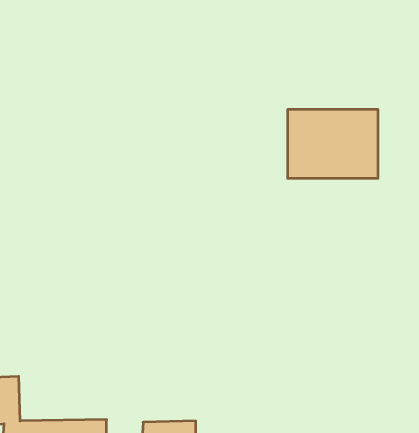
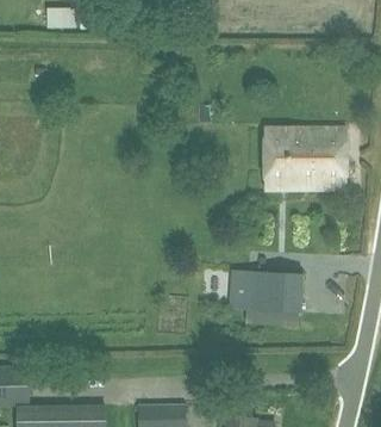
building: none -> [229,272,305,316]

